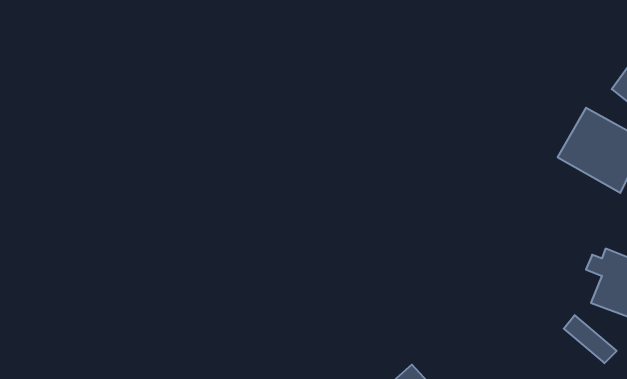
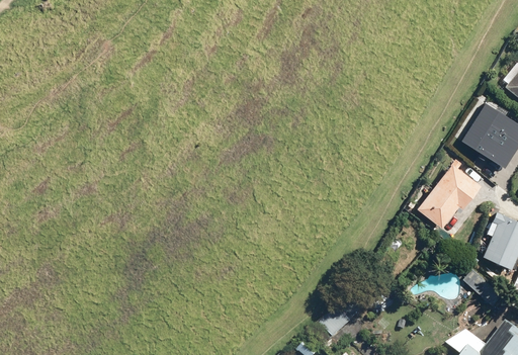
building: none -> [419,159,484,228]

